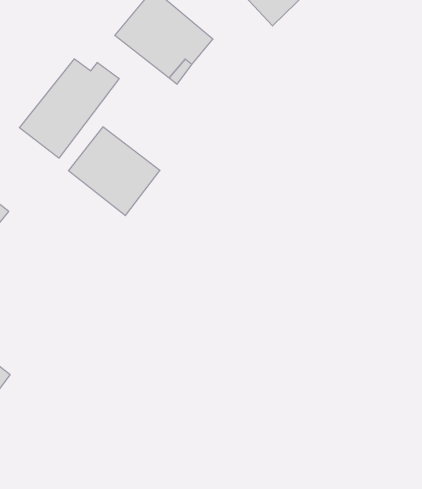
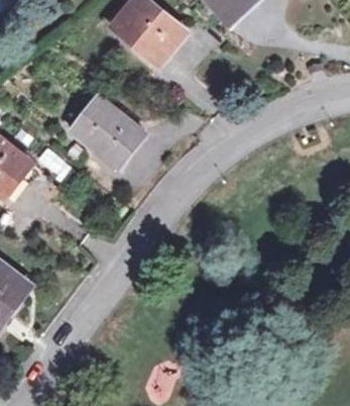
building: [19,59,119,158] -> none

